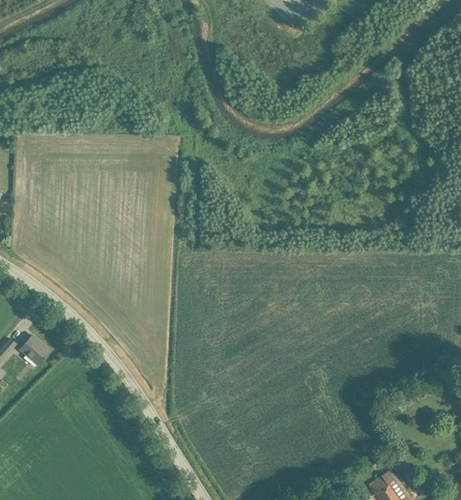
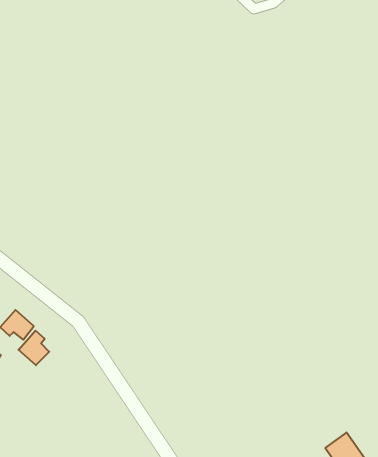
building: none -> [18,331,49,365]

